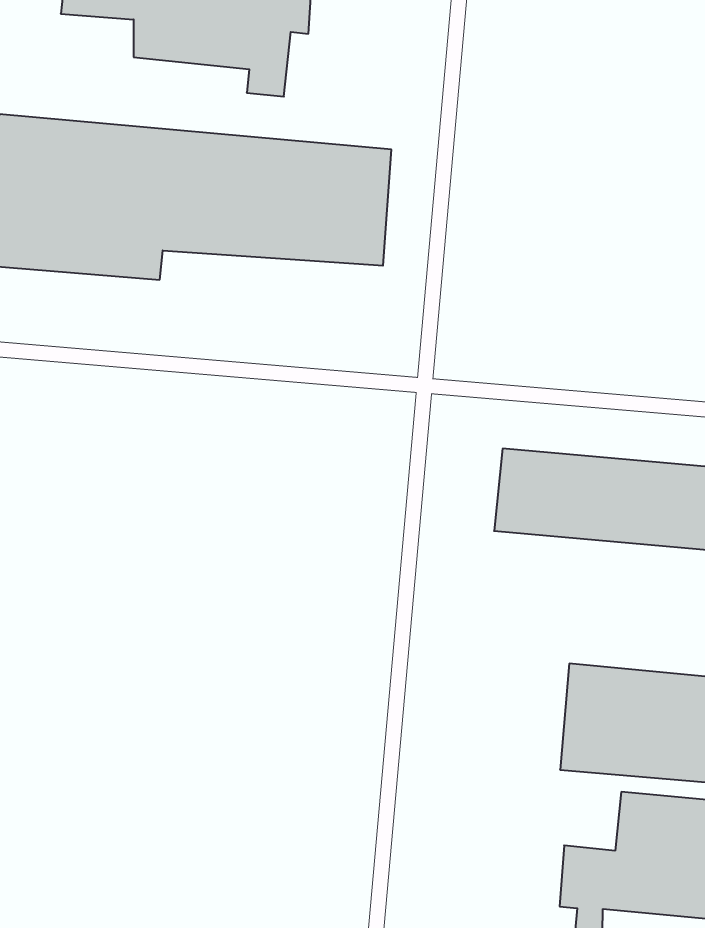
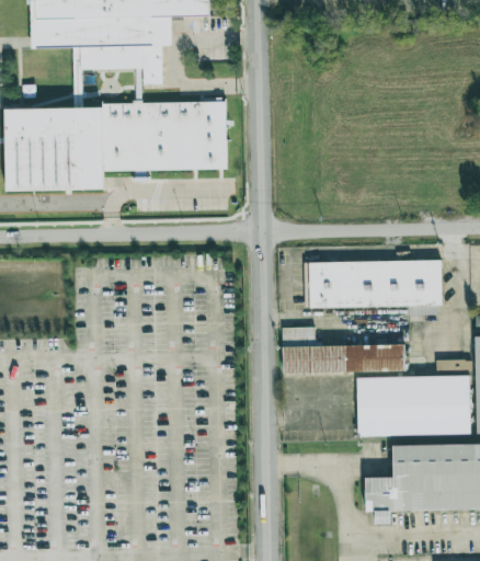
building: none -> [281,328,403,373]

